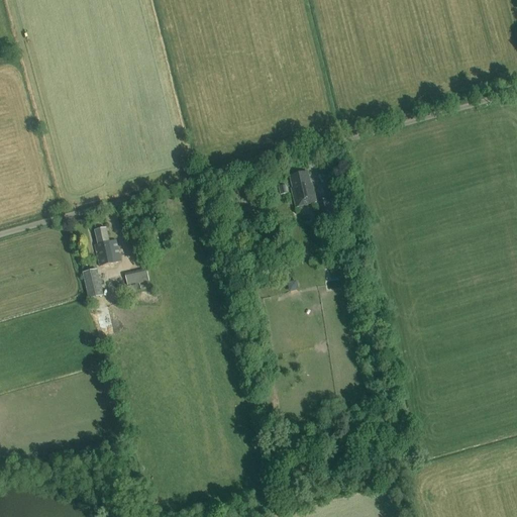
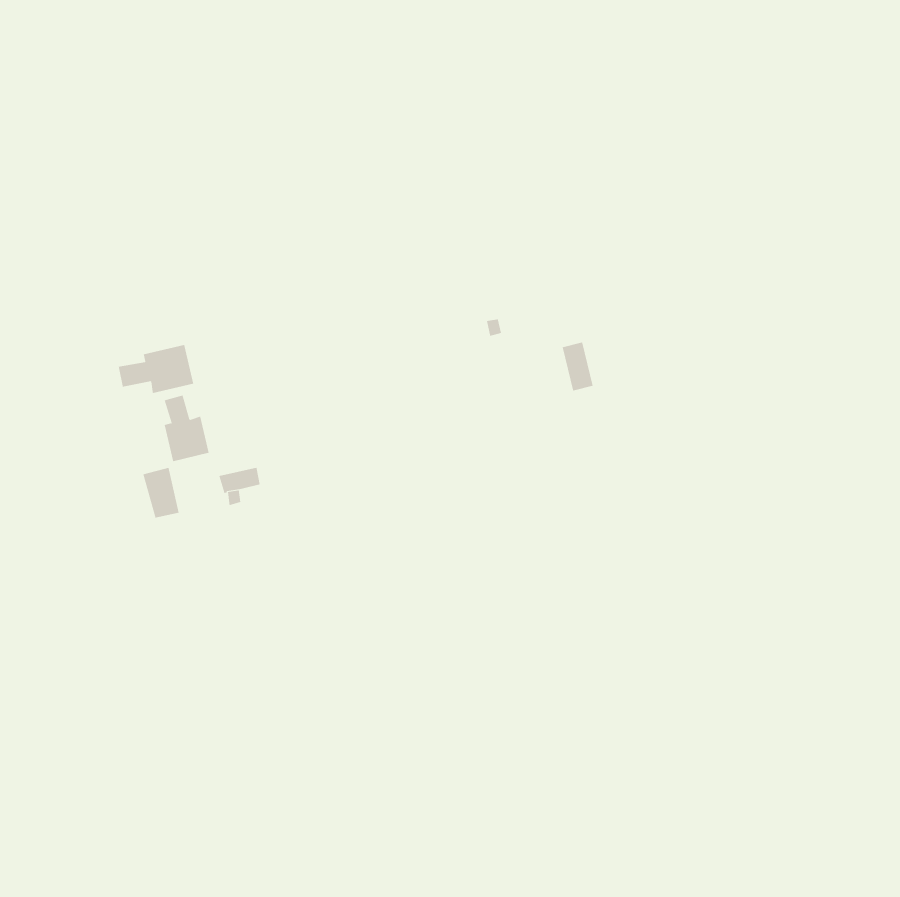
building: [289,170,316,206] -> none
building: none -> [118,344,194,394]

